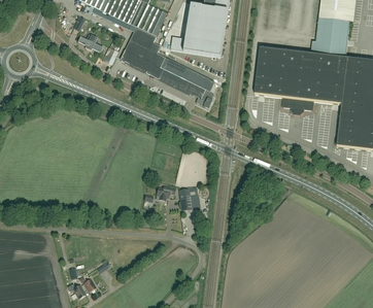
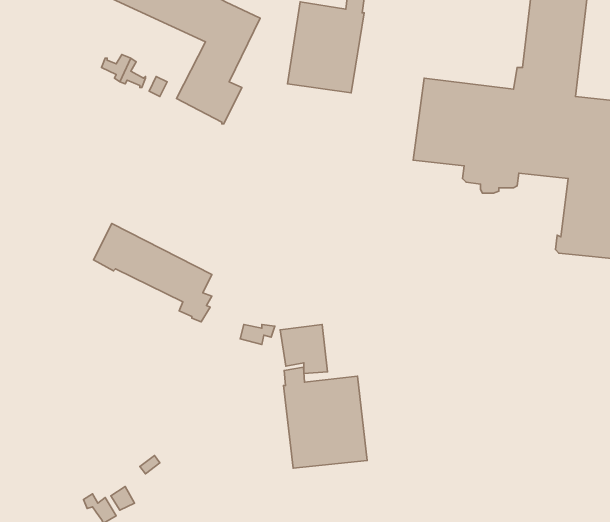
building: [147,52,214,107] -> [94,223,212,322]
building: none -> [283,367,367,468]

